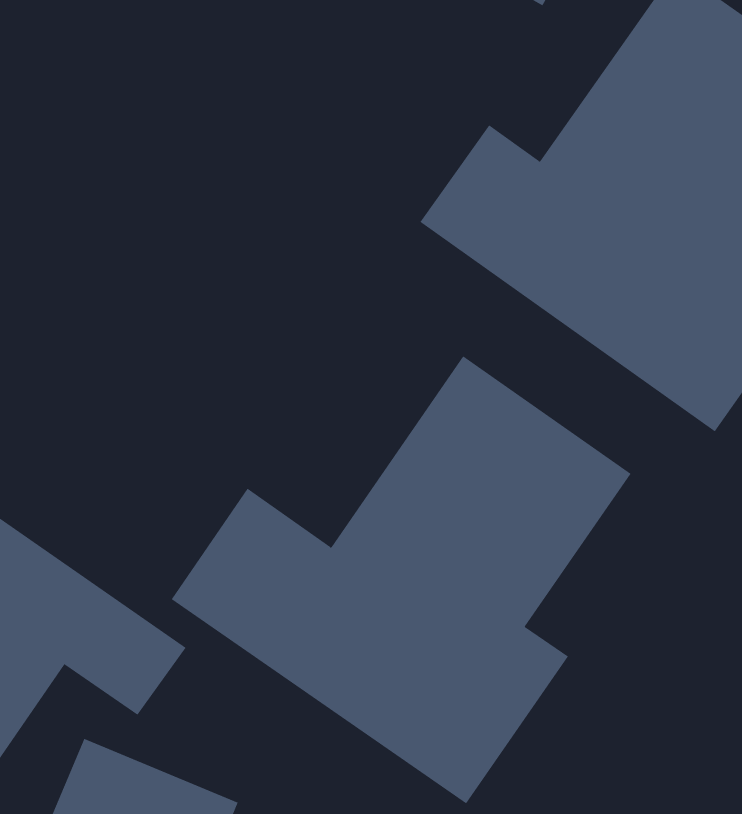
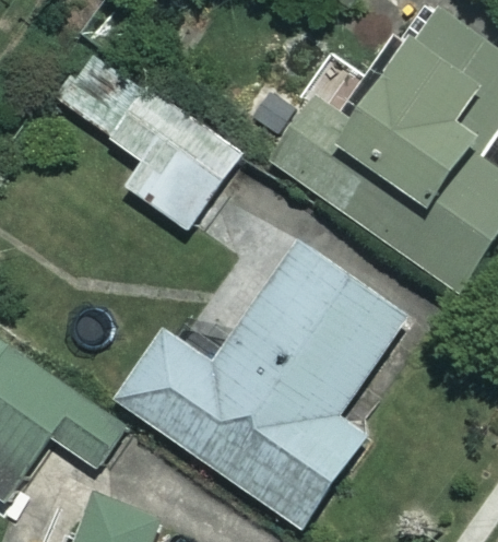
building: none -> [54,40,250,238]

